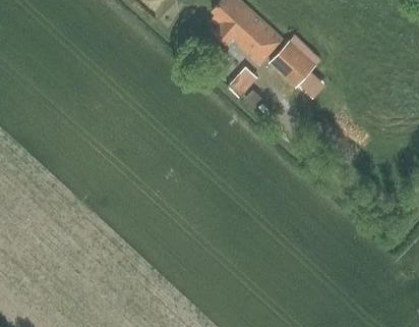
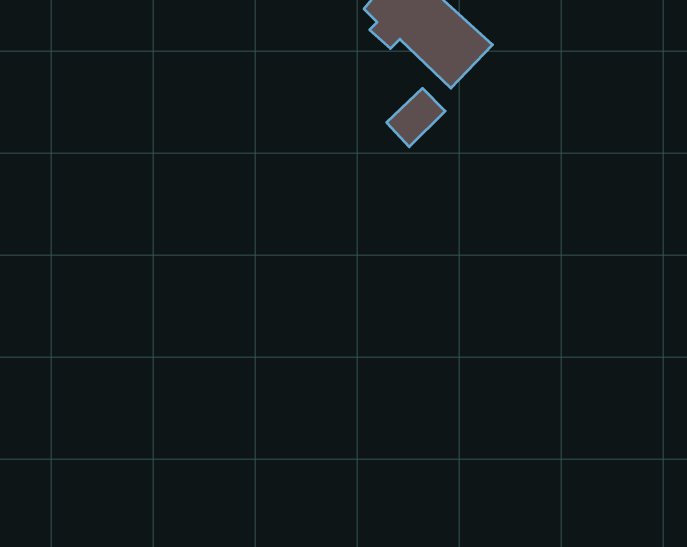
building: [271,36,320,87] -> none

